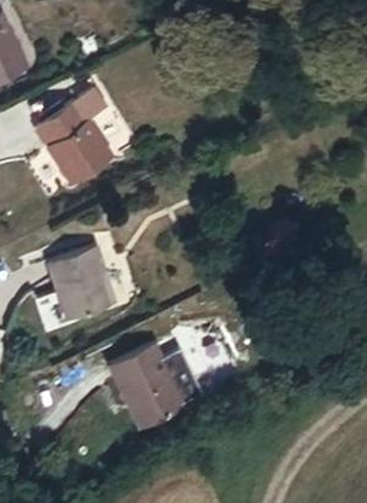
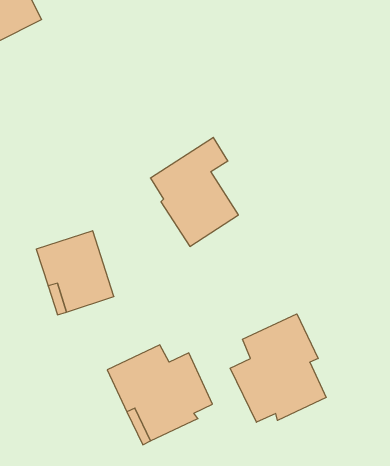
building: [28,89,109,189] -> [150,137,238,246]
building: none -> [230,314,326,422]

